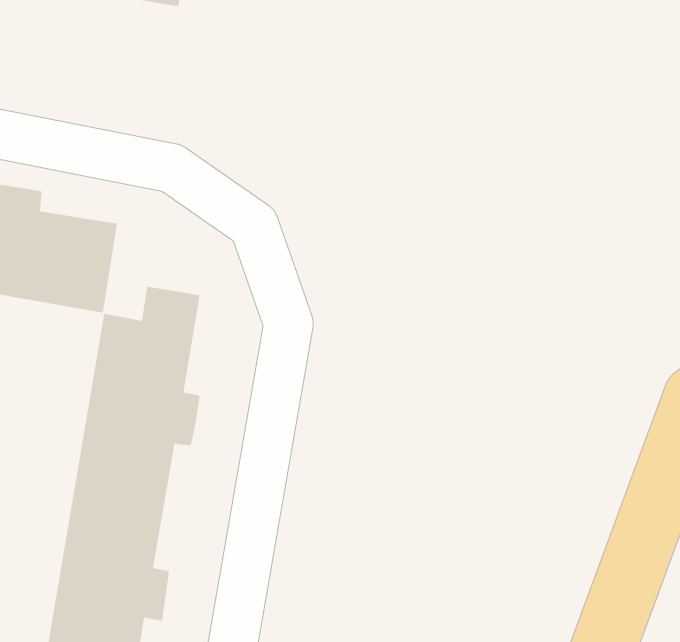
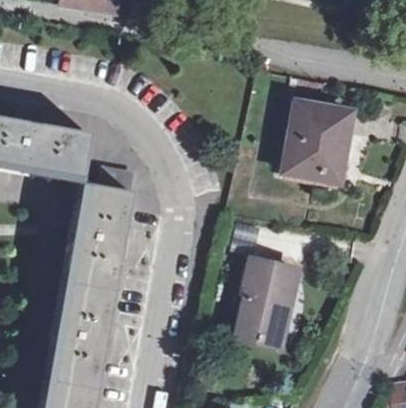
building: none -> [292,105,353,180]
building: none -> [238,257,298,341]

